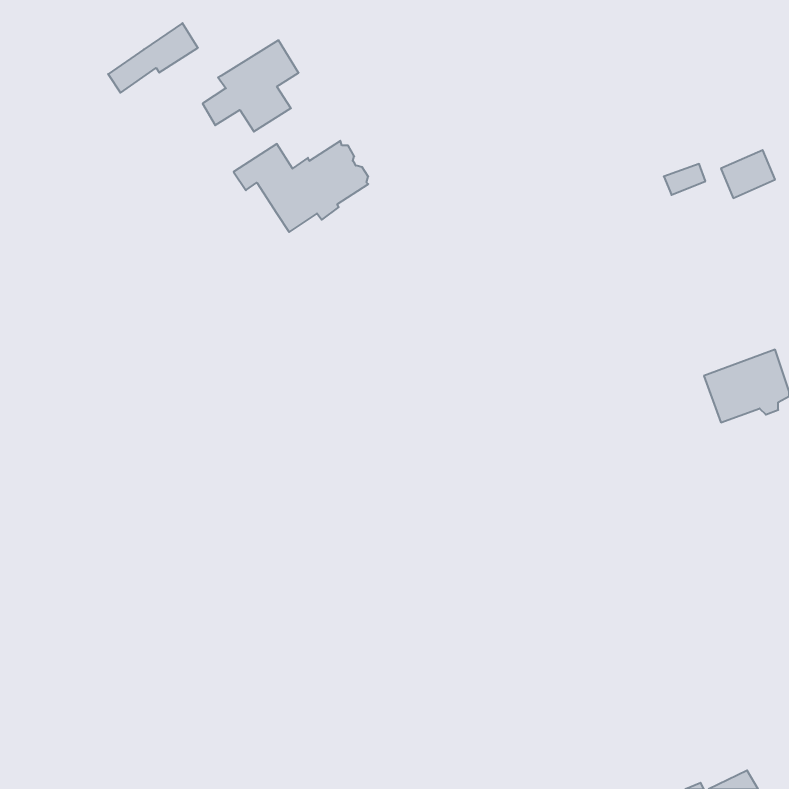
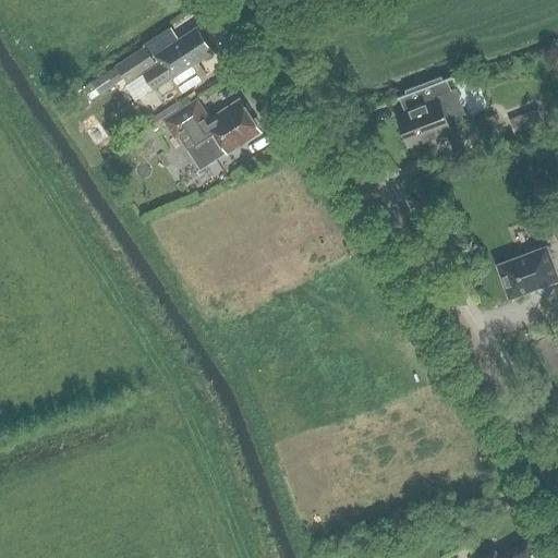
building: [108,23,198,93] -> [90,46,154,95]
building: none -> [396,76,464,145]

